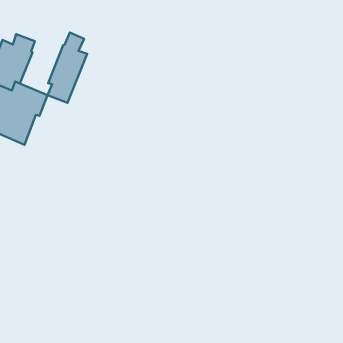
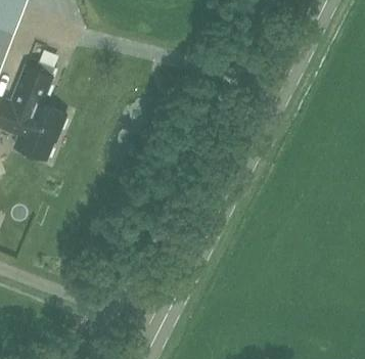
building: [47,33,87,103] -> none

